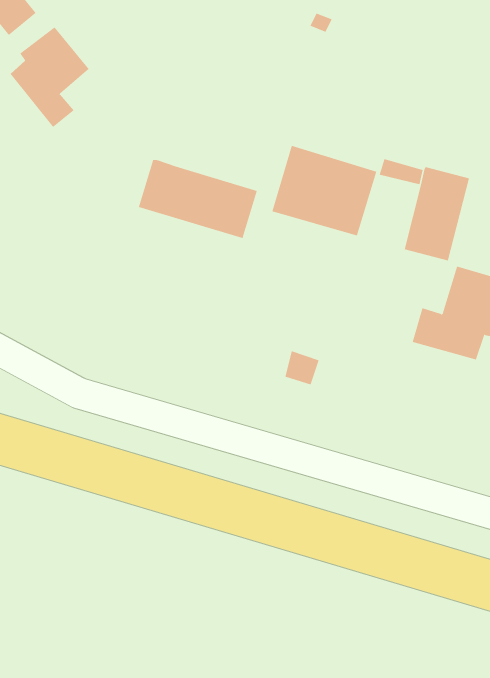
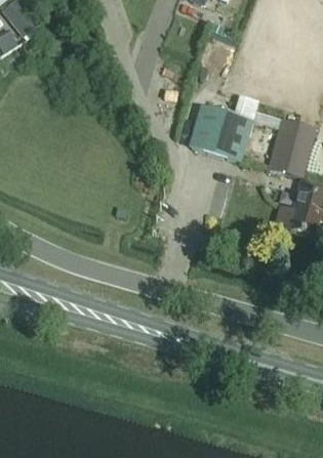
building: [10,26,89,128] -> none
building: [138,159,257,239] -> none

